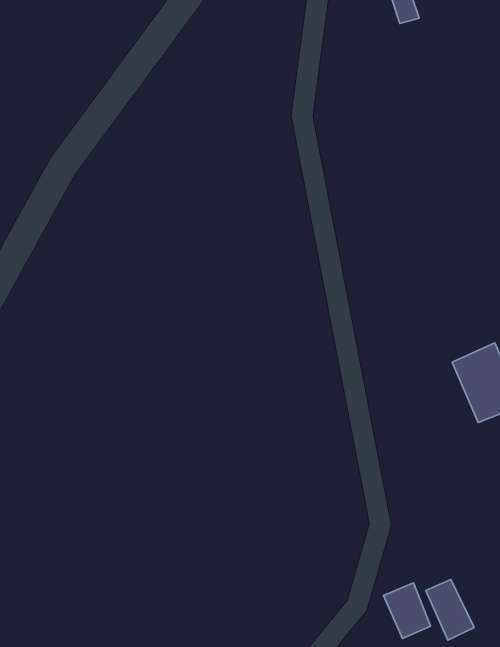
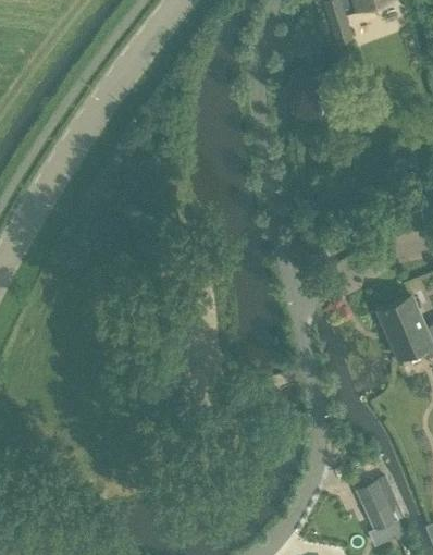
building: [383,583,431,638] -> none

